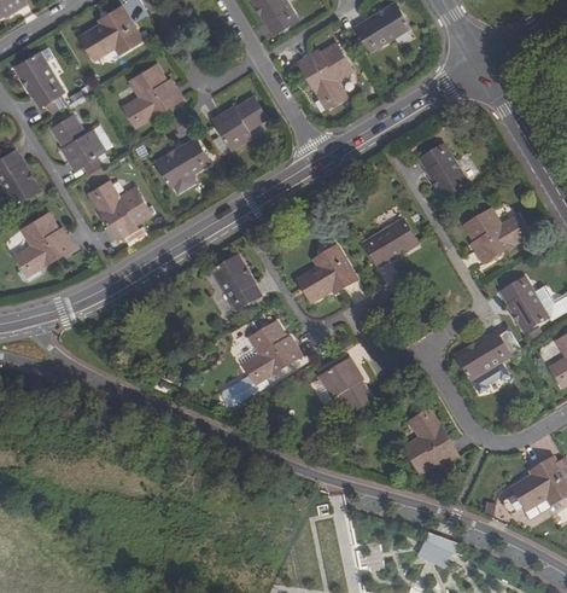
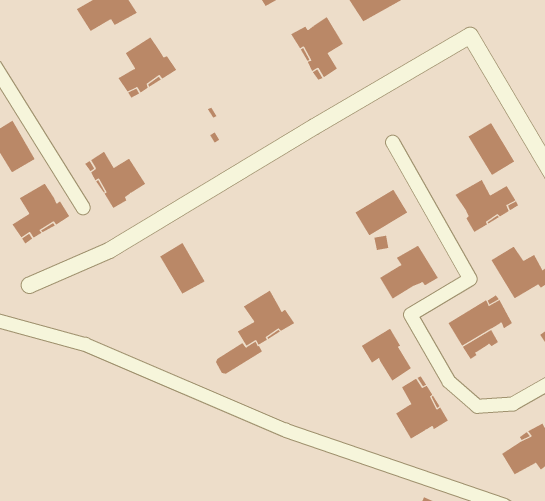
building: [14,52,64,106] -> none
building: [212,97,265,150] -> none
building: [52,115,104,168] -> none
building: [156,138,210,186] -> none
building: [419,144,467,198] -> [468,122,515,176]
building: [296,246,356,302] -> [379,245,439,299]
building: [212,256,259,309] -> [159,242,206,295]
building: [318,359,370,413] -> [361,328,412,381]

